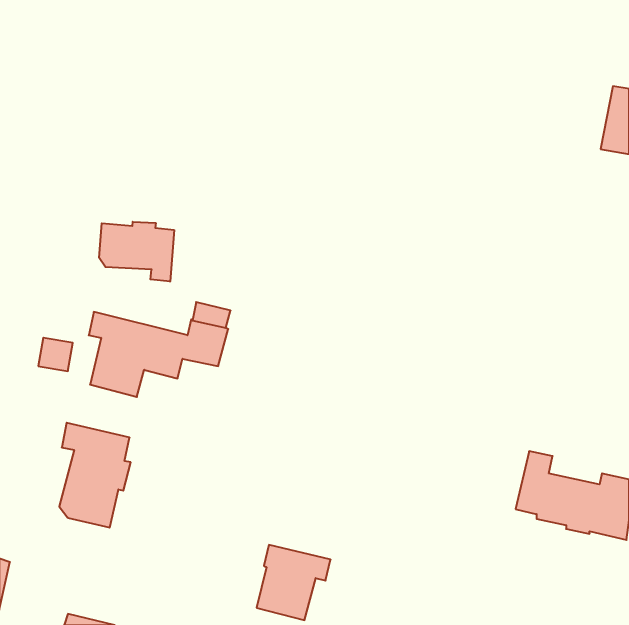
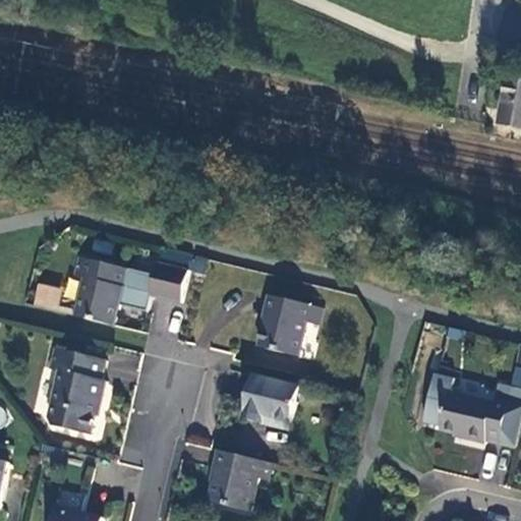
building: [99,222,174,282] -> none
building: none -> [258,295,324,356]
building: none -> [243,373,299,421]

